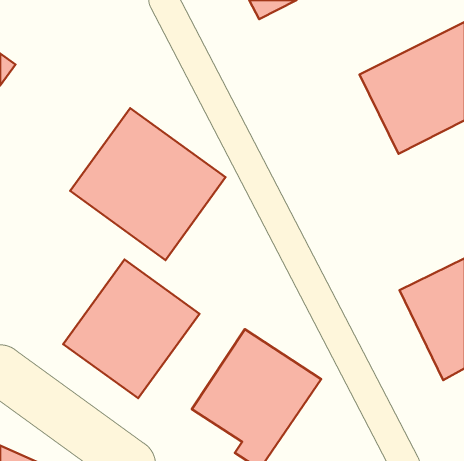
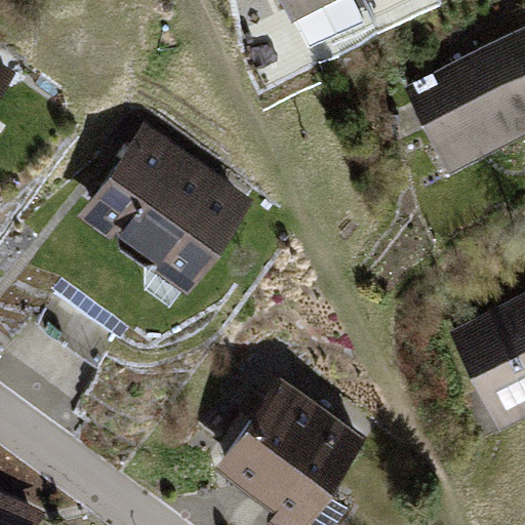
building: [63,260,199,398] -> none

